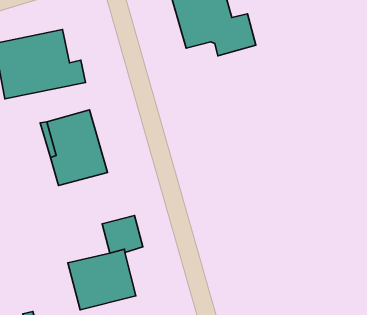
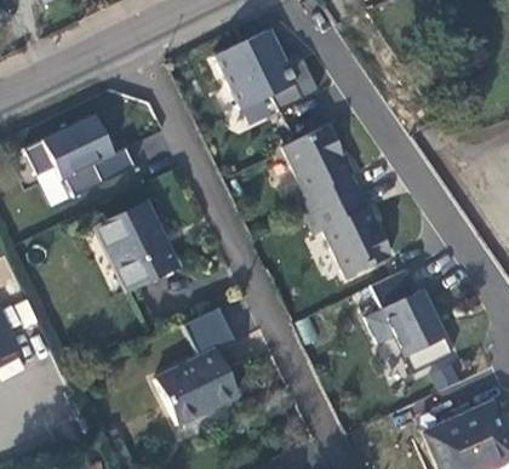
building: none -> [288,128,398,281]
building: none -> [366,271,453,377]

